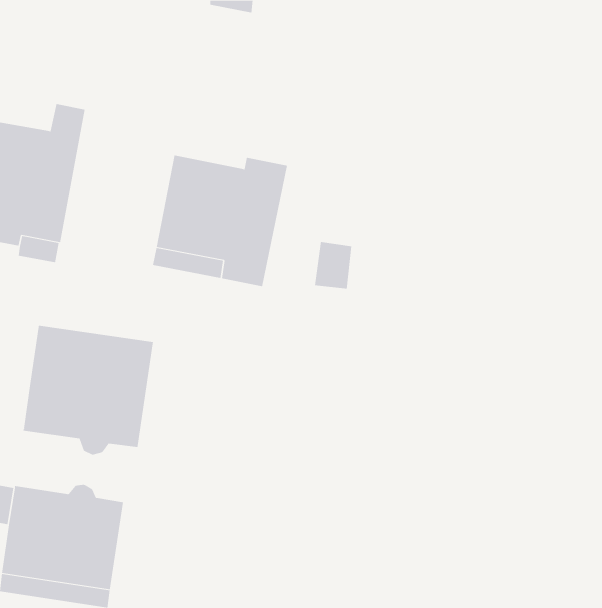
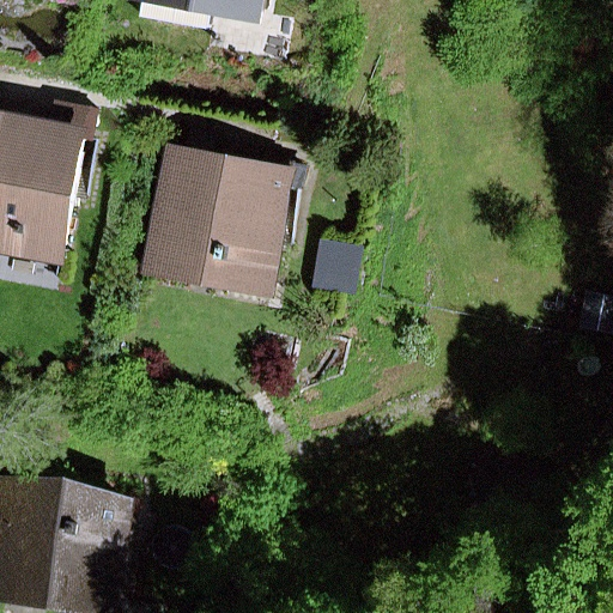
building: [23,325,153,456] -> none

